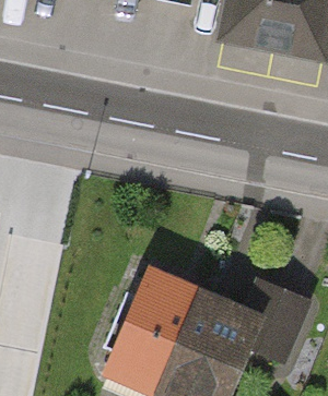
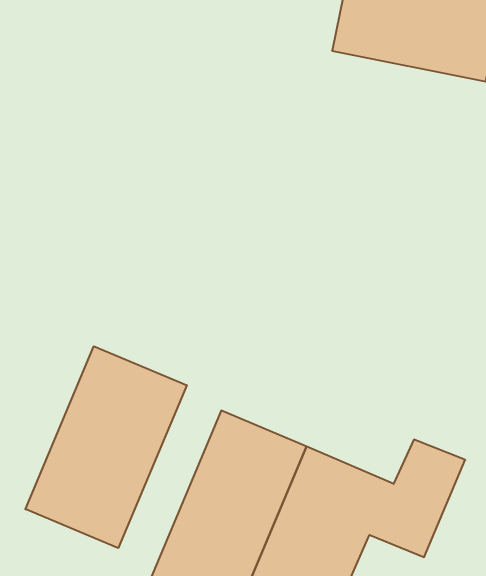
building: none -> [25,346,187,548]

